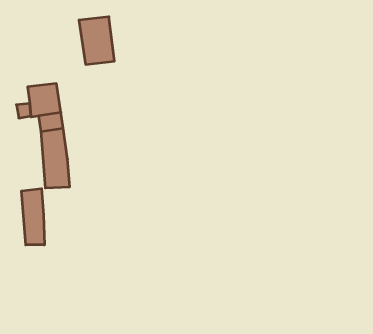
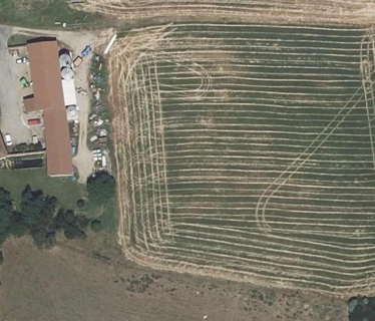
building: [79,17,114,64] -> [27,41,59,84]
building: [22,189,44,245] -> none

